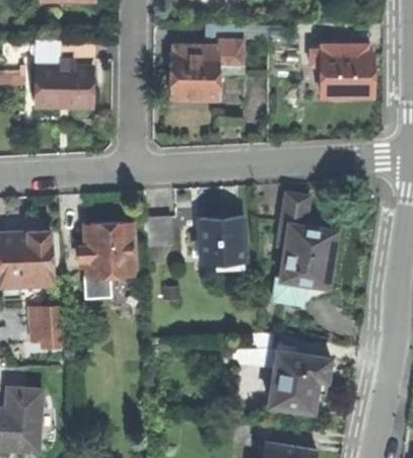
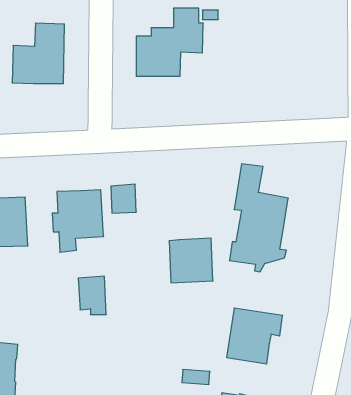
building: [311,46,372,97] -> none
building: [199,216,247,264] -> [169,238,213,283]
building: [31,305,62,347] -> [78,276,106,314]

